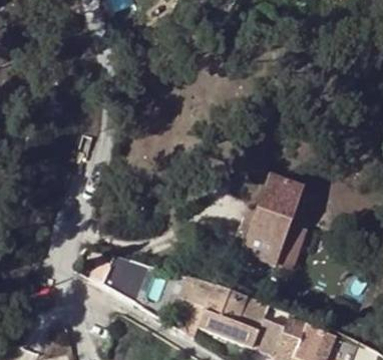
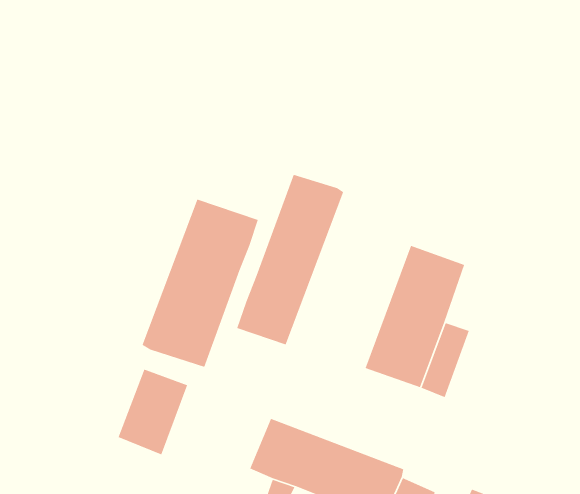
building: none -> [236,174,344,345]
building: none -> [141,198,259,368]

